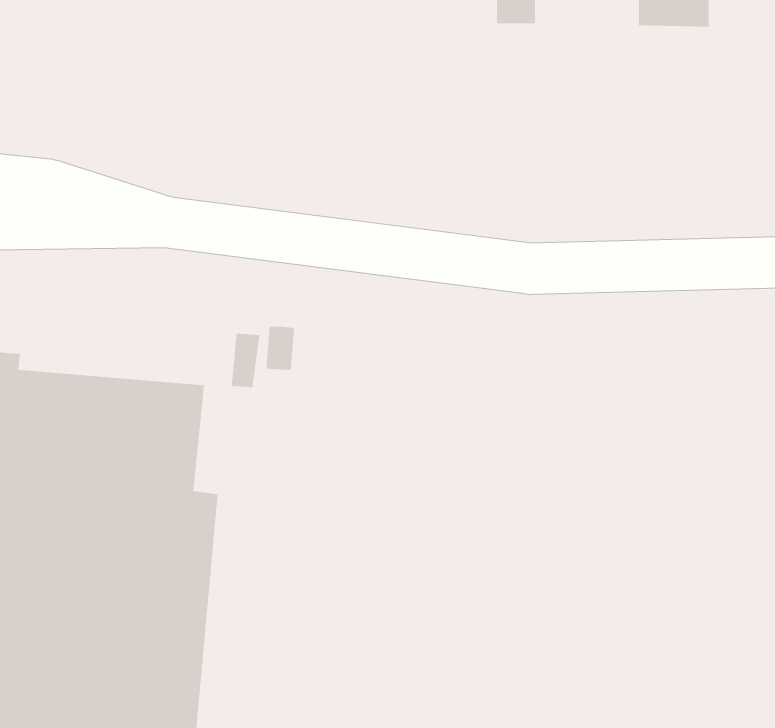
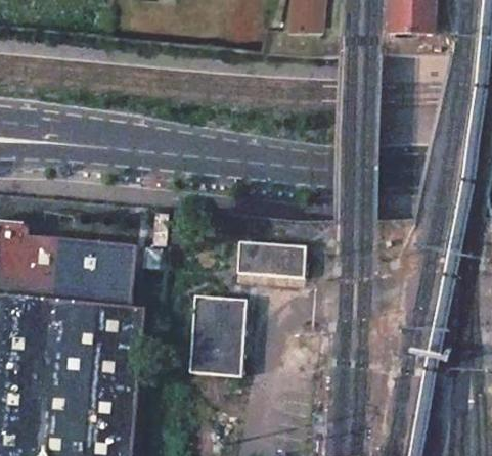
building: none -> [237,242,305,277]
building: none -> [189,297,244,376]

